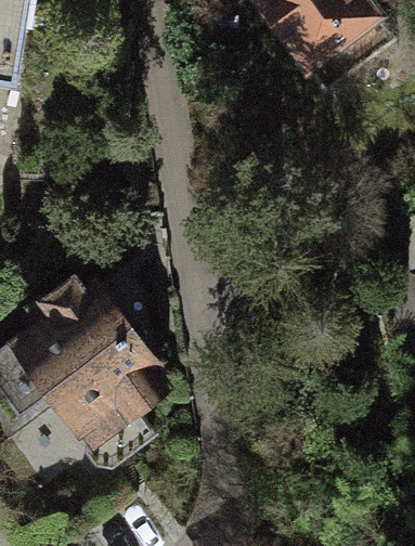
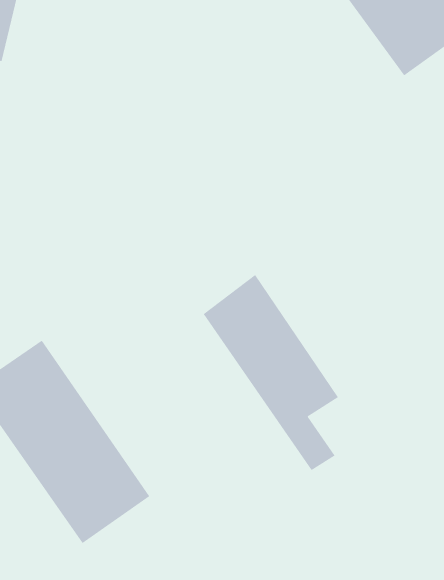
building: [52,268,161,418] -> [203,274,339,471]

